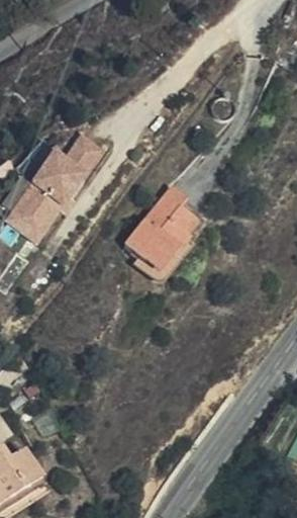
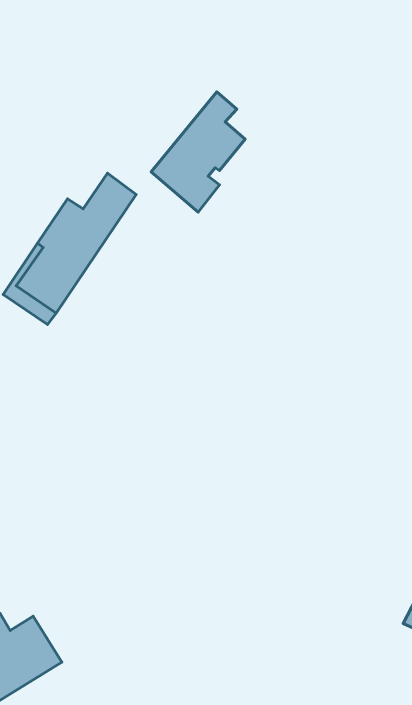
building: [129,187,196,272] -> [151,92,245,212]

